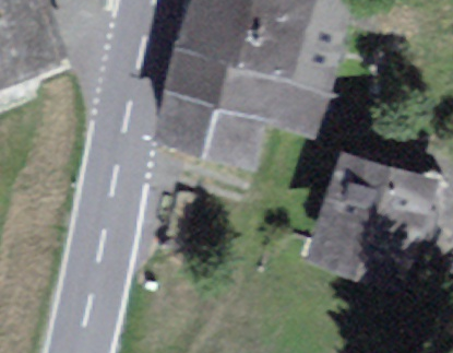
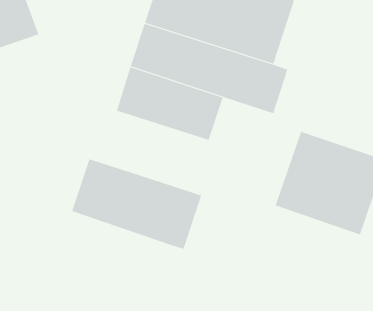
building: none -> [72,158,202,250]

